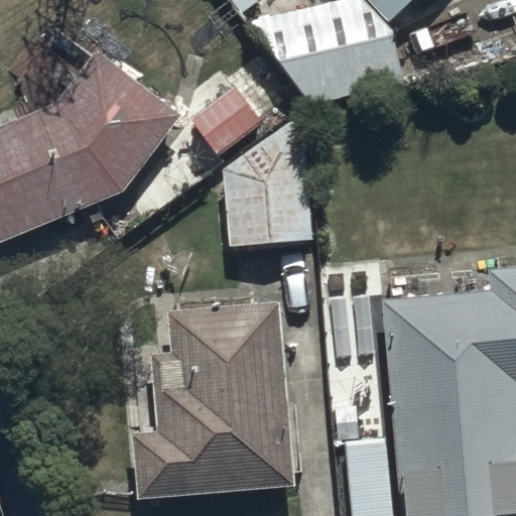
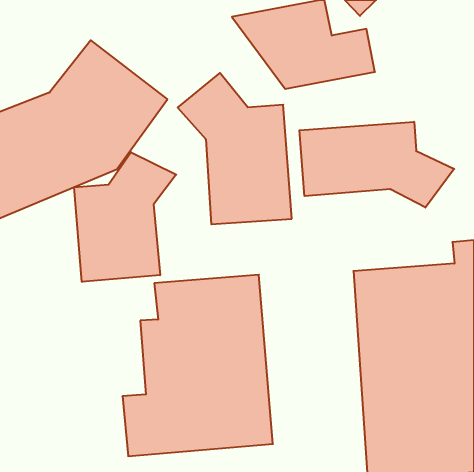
building: none -> [299,122,454,208]
building: none -> [74,152,176,282]

